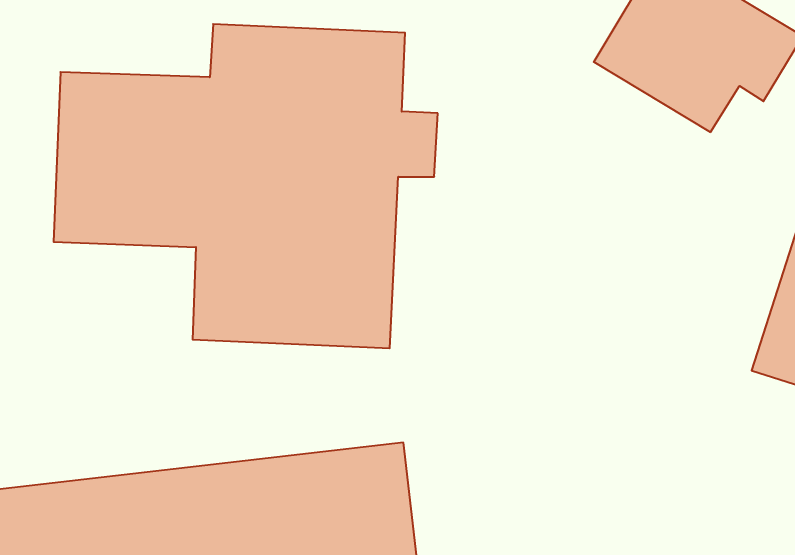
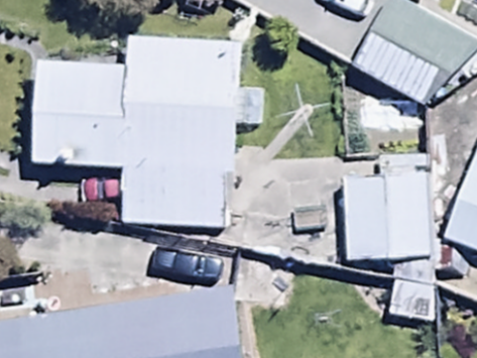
building: none -> [338,170,434,260]

